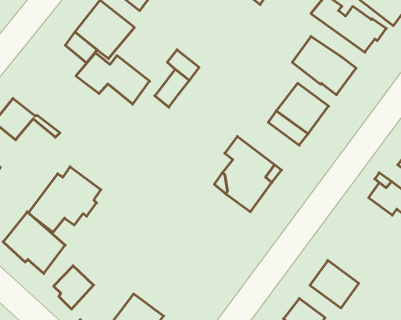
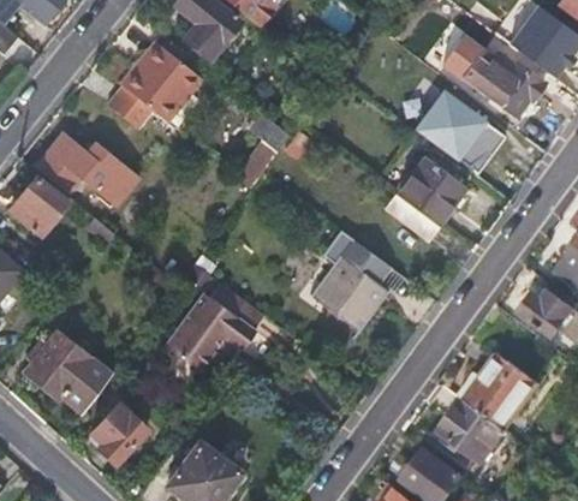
building: [76,53,150,104] -> [38,136,138,205]
building: [28,167,101,232] -> [163,279,262,368]
building: none -> [464,351,540,428]

